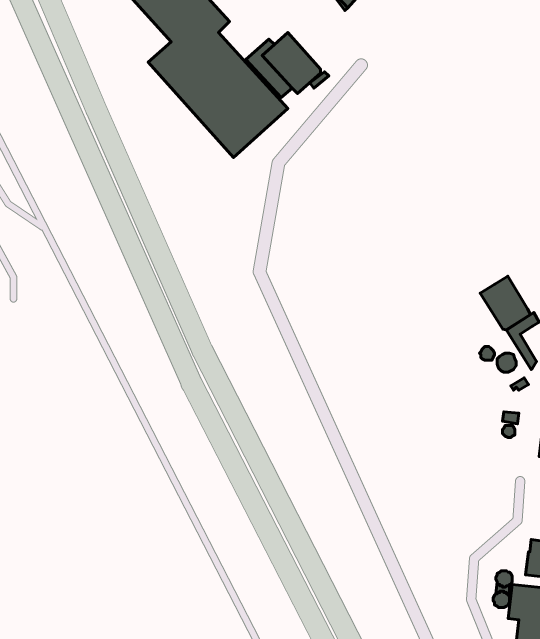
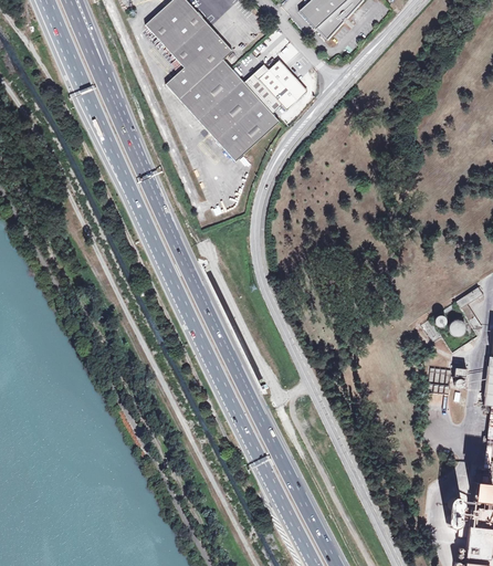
building: [480,276,531,330] -> none

